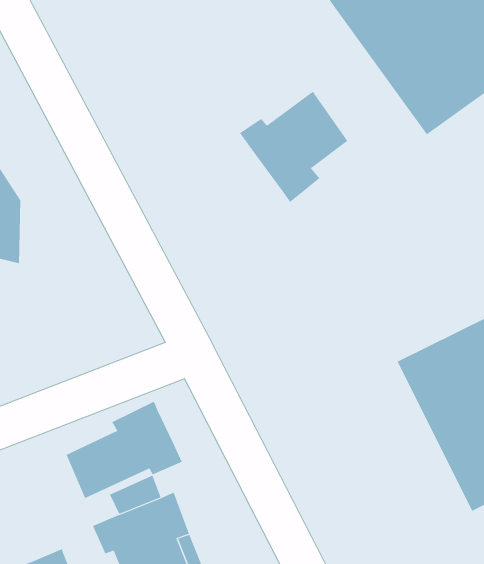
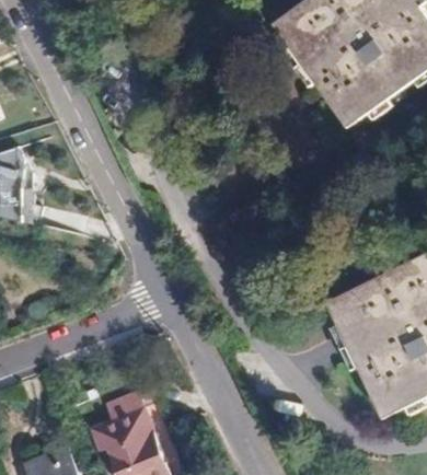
building: [239,91,348,203] -> none
building: [66,401,182,499] -> none

